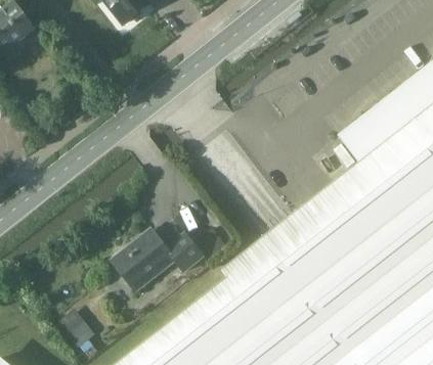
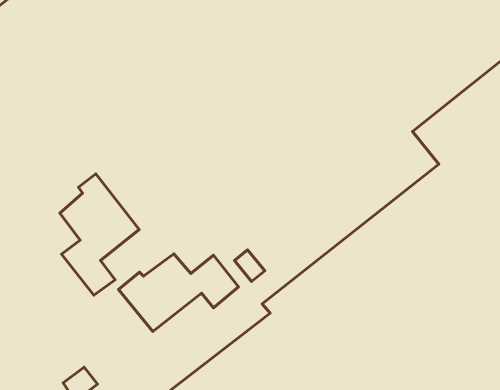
building: none -> [60,174,139,295]

